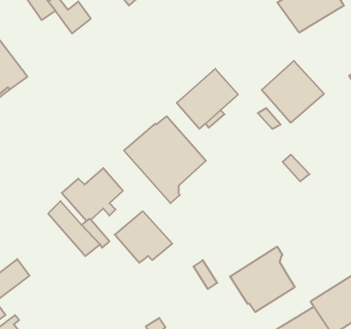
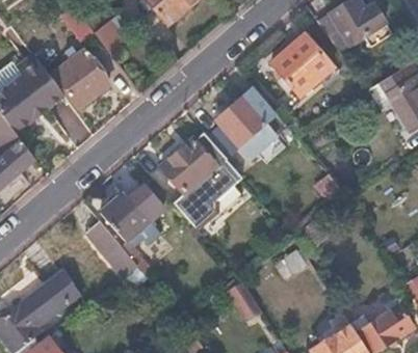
building: none -> [53,53,108,109]
building: [262,61,324,123] -> [271,34,334,97]
building: [115,211,172,263] -> none
building: [230,247,295,312] -> none

